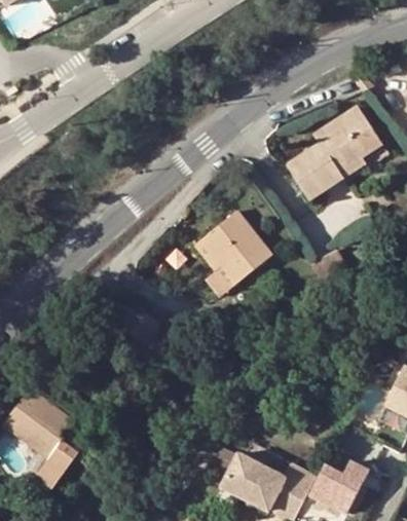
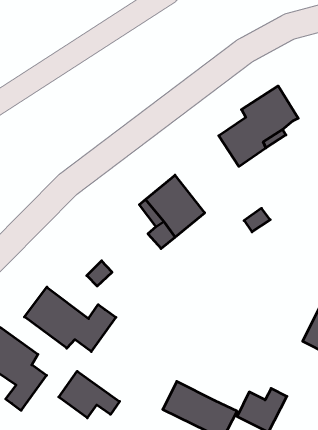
building: none -> [24,287,116,352]
building: none -> [59,371,120,418]

